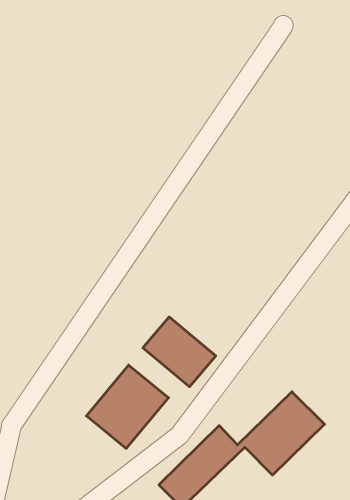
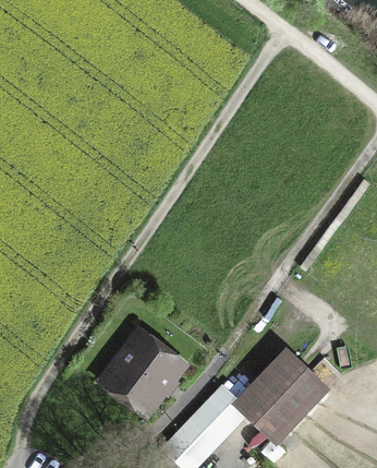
building: [143,317,216,387] -> none

